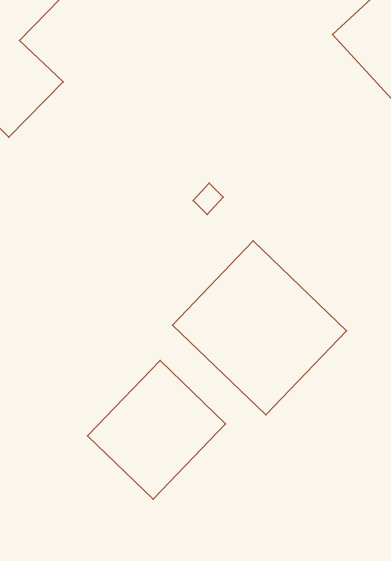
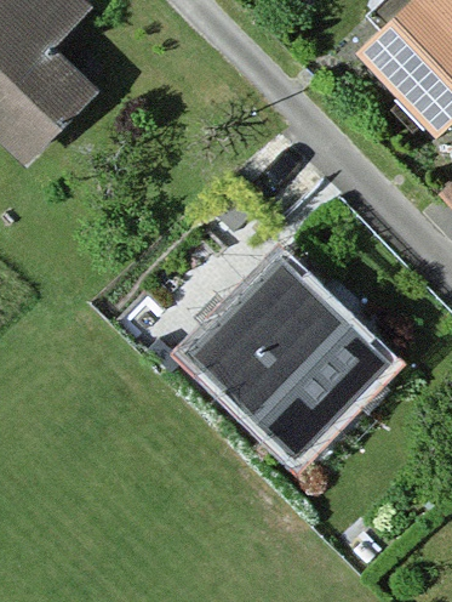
building: [88,360,226,499] -> none

